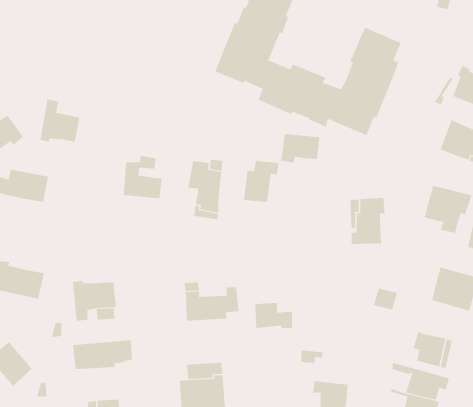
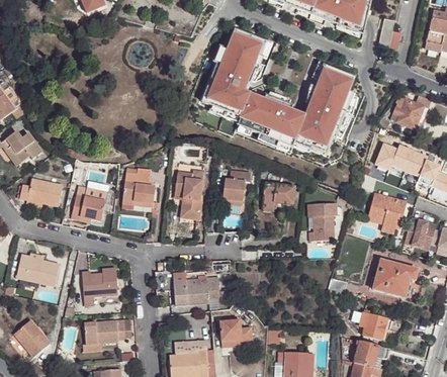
building: [39,99,80,142] -> [71,185,104,220]
building: [281,134,320,163] -> [261,183,293,207]
building: [254,302,293,328] -> [219,318,251,340]

